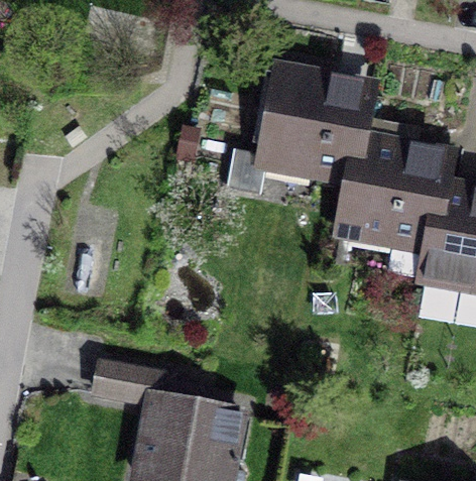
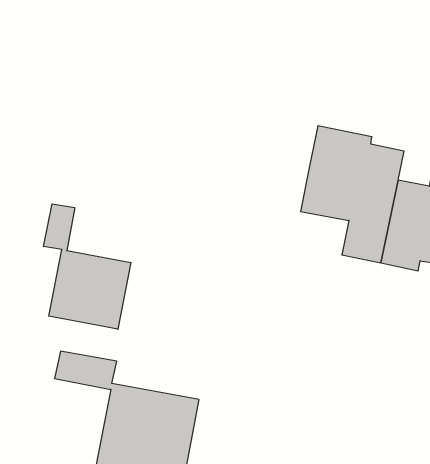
building: [227,69,369,195] -> none
building: none -> [44,204,131,329]

